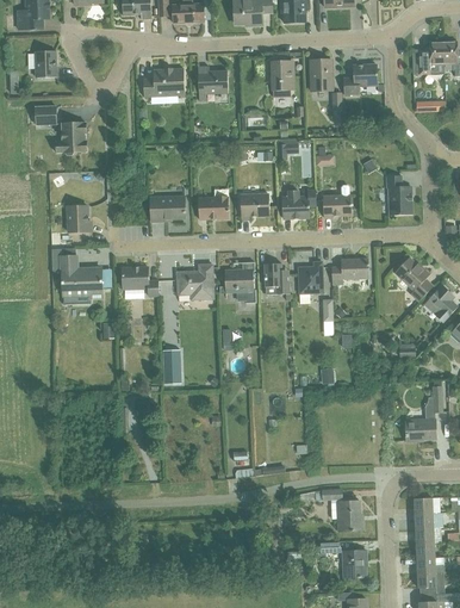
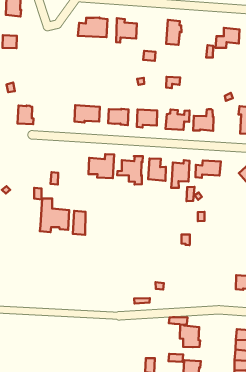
building: [309,58,331,91] -> none
building: [54,122,86,154] -> none
building: [61,254,102,303] -> [40,198,69,232]
building: [122,266,158,294] -> none

